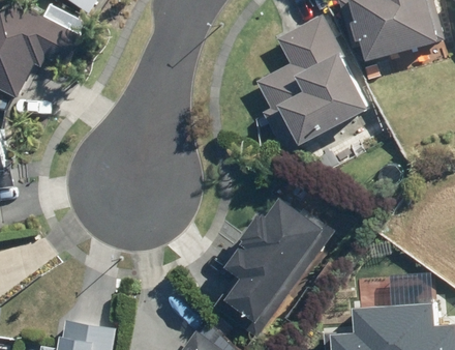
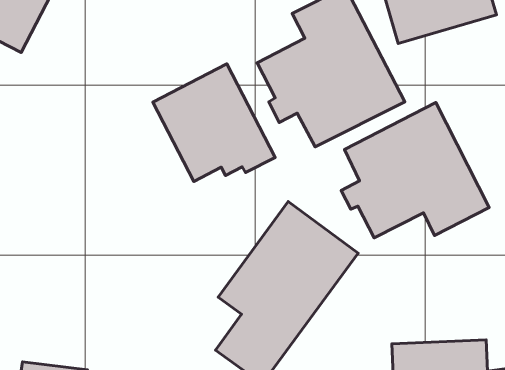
building: none -> [153,64,275,181]
building: none -> [341,102,489,238]

